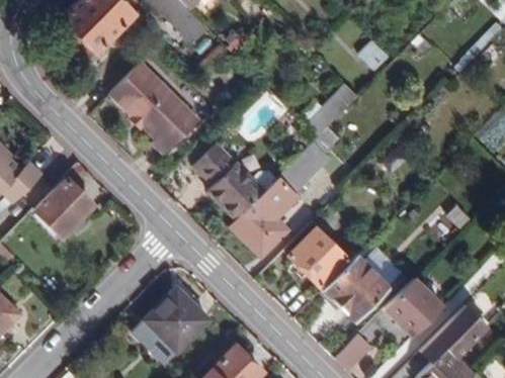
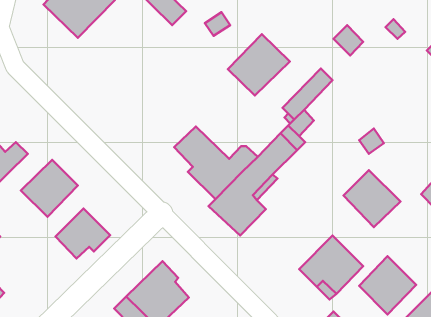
building: none -> [228,34,290,96]
building: [111,57,200,149] -> none
building: none -> [56,208,110,258]
building: [289,228,348,287] -> [343,170,400,227]

